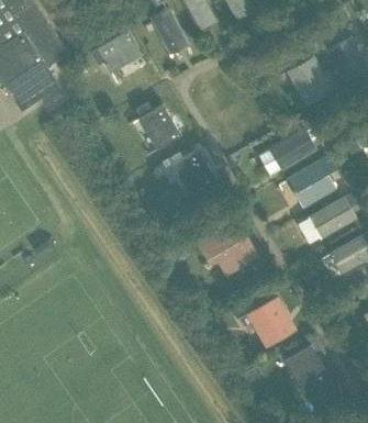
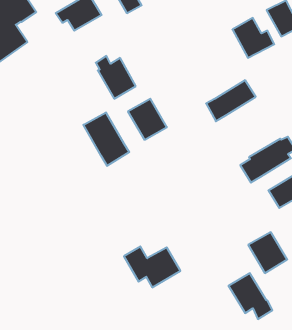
building: [287,153,336,205] -> none
building: none -> [83,112,129,166]
building: [193,227,257,274] -> [124,246,180,287]
building: [249,299,293,345] -> [248,232,287,273]

